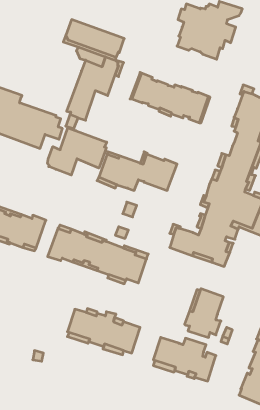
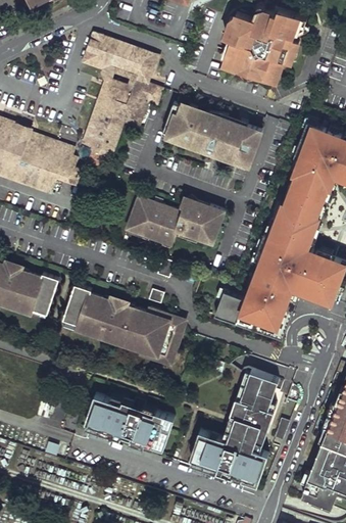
building: [48,128,107,175] -> none
building: none -> [225,412,270,451]

